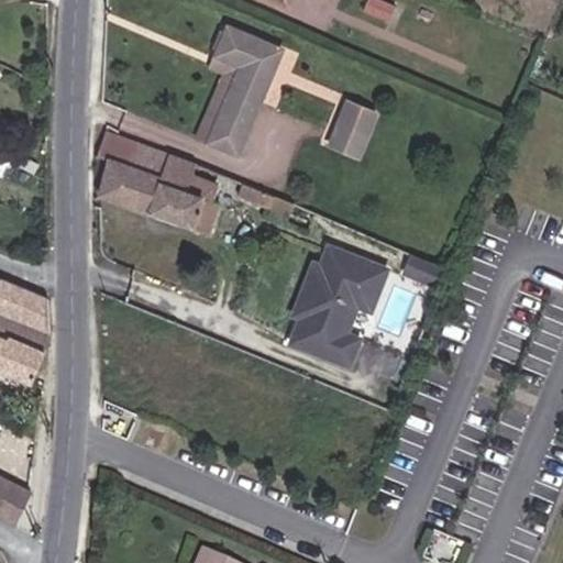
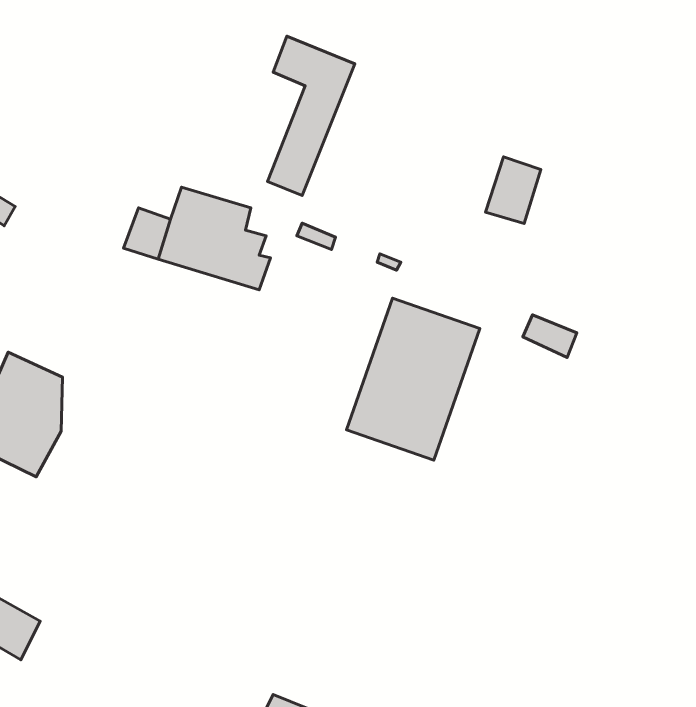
building: [199,58,242,145] -> none
building: [332,99,376,152] -> [485,157,541,223]
building: [98,137,144,175] -> none

